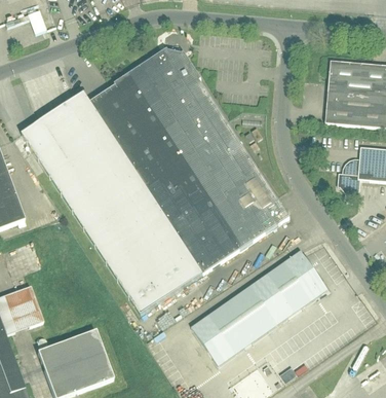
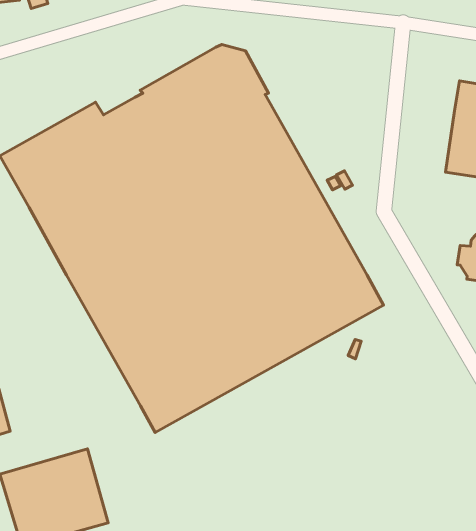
building: [191,249,327,364] -> none

